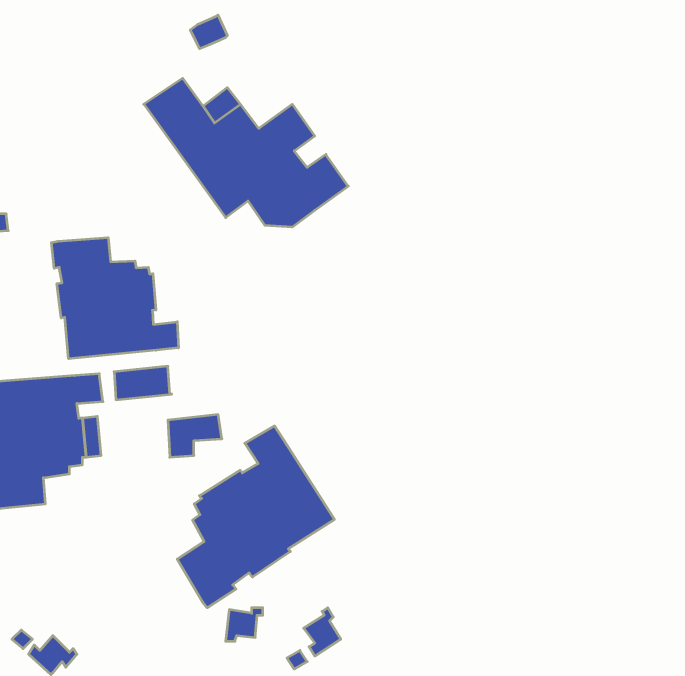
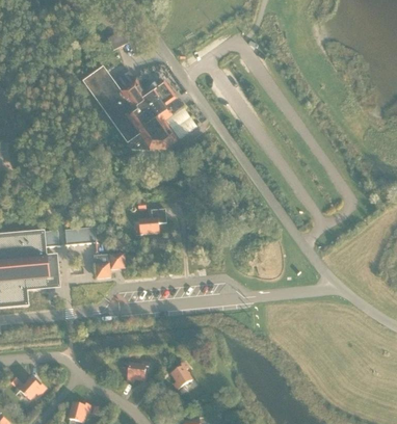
building: [51,238,178,359] -> none
building: none -> [140,209,166,234]
building: [177,426,334,608] -> none

